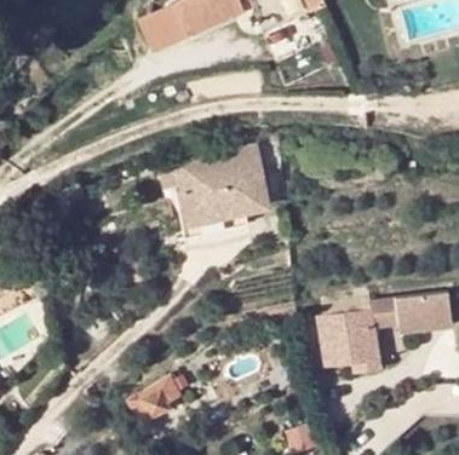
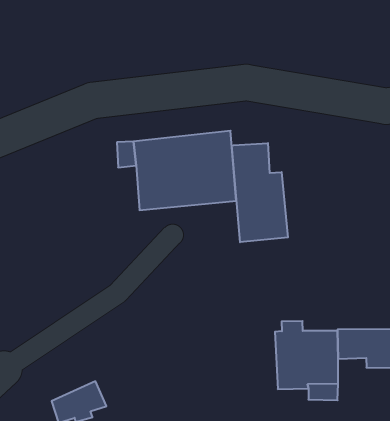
building: none -> [232,143,288,242]

